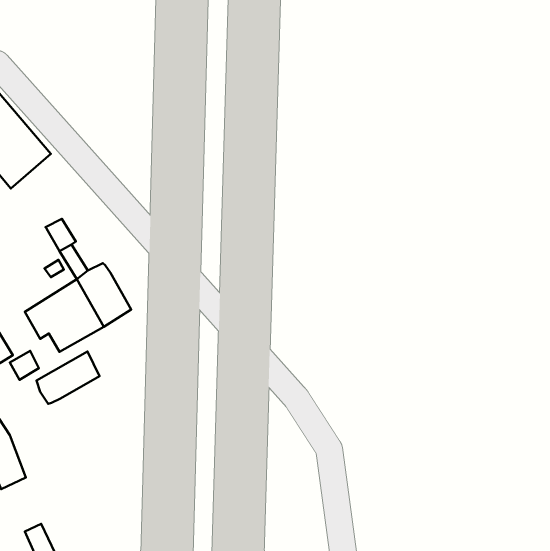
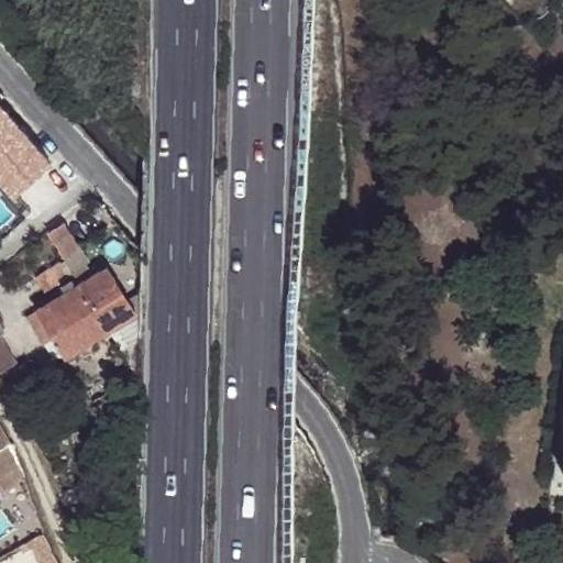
building: [37,351,100,404] -> none

